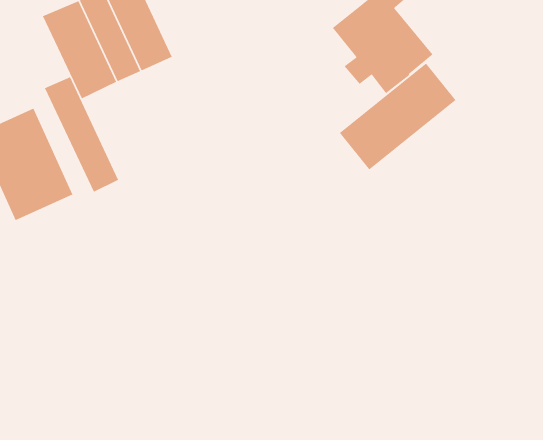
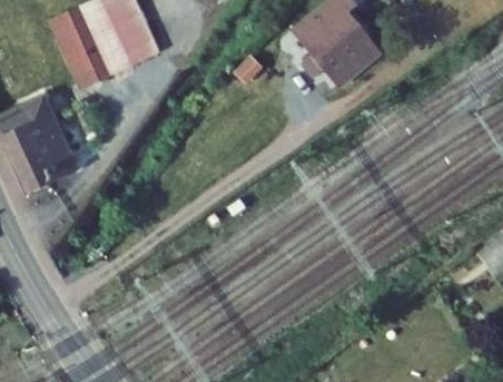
building: [339,62,457,171] -> none
building: [44,76,119,193] -> none

